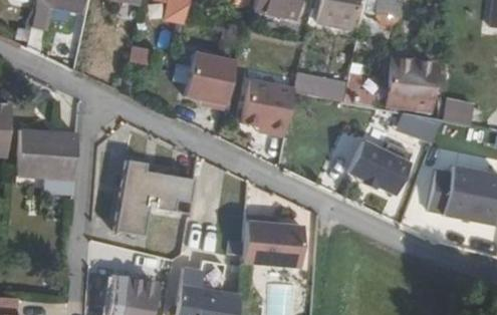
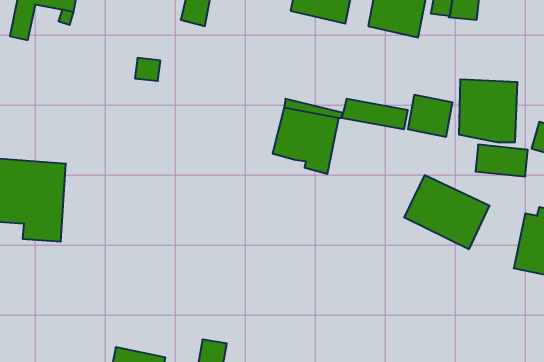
building: [184,53,235,110] -> none
building: [115,155,195,236] -> none
building: [242,218,302,267] -> none

